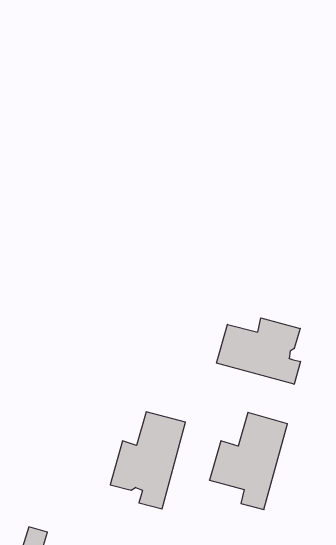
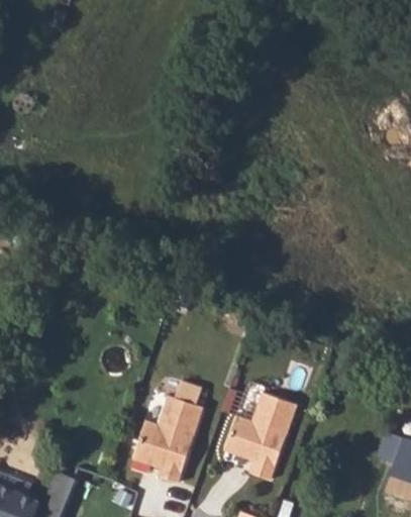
building: [217,318,300,384] -> none

